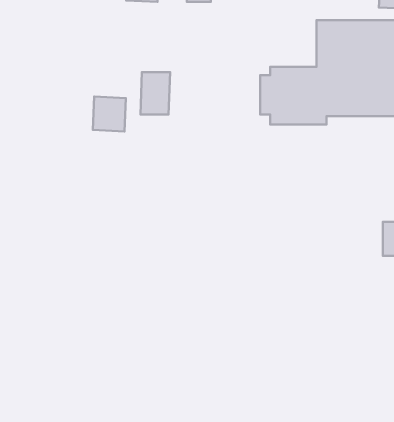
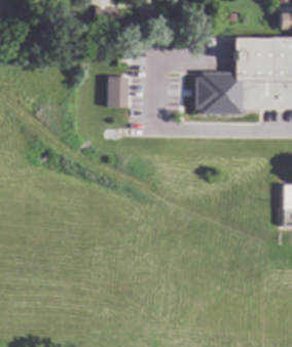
building: [93,96,126,132] -> none

